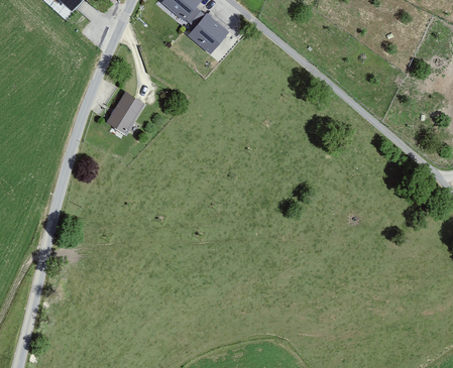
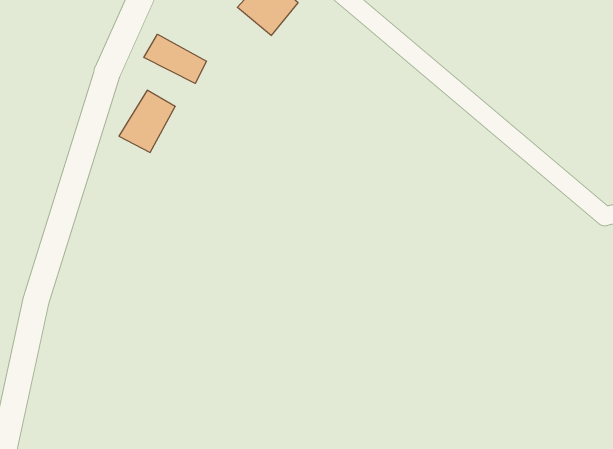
building: none -> [144,34,206,83]

